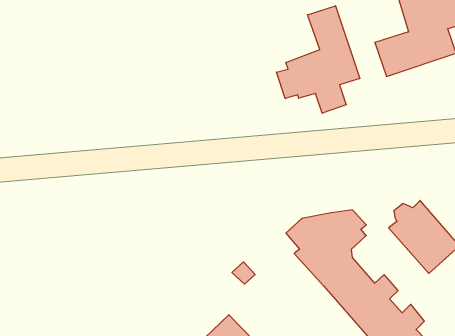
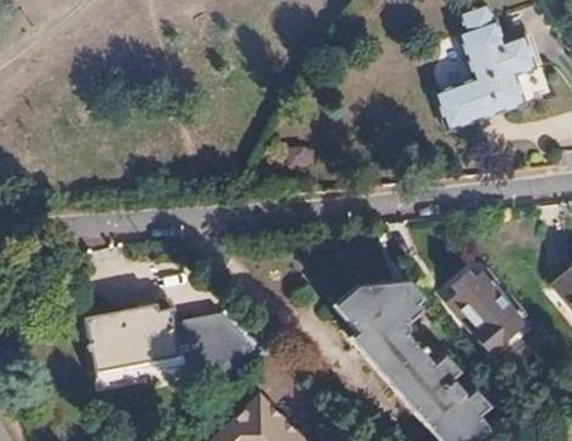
building: [276,6,360,113] -> none
building: none -> [87,303,248,377]

